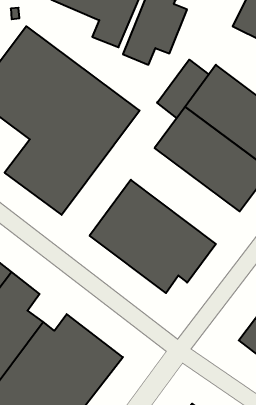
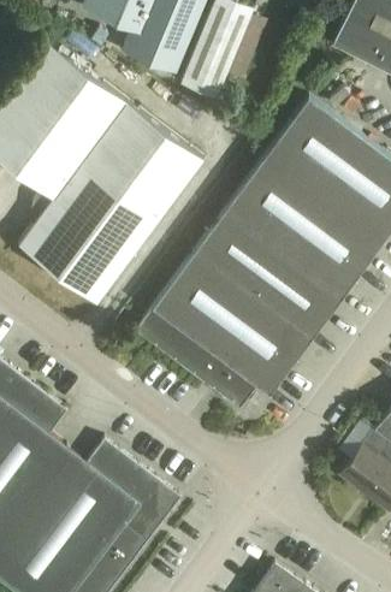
building: [157,60,209,118] -> none
building: none -> [191,212,340,343]

